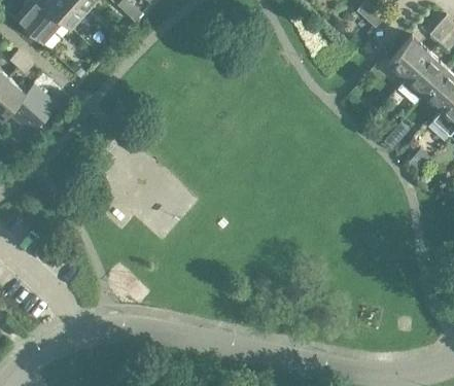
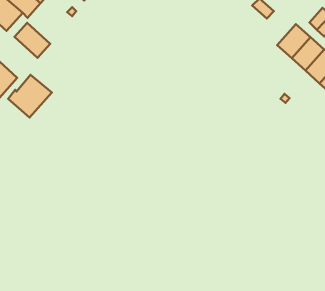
building: none -> [15,23,50,58]
building: none -> [8,75,52,117]

